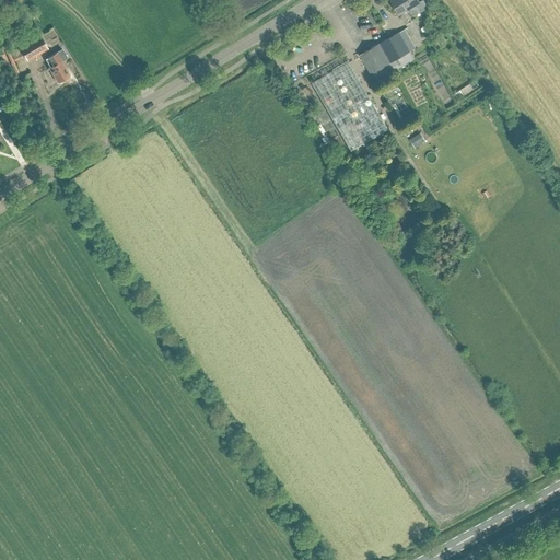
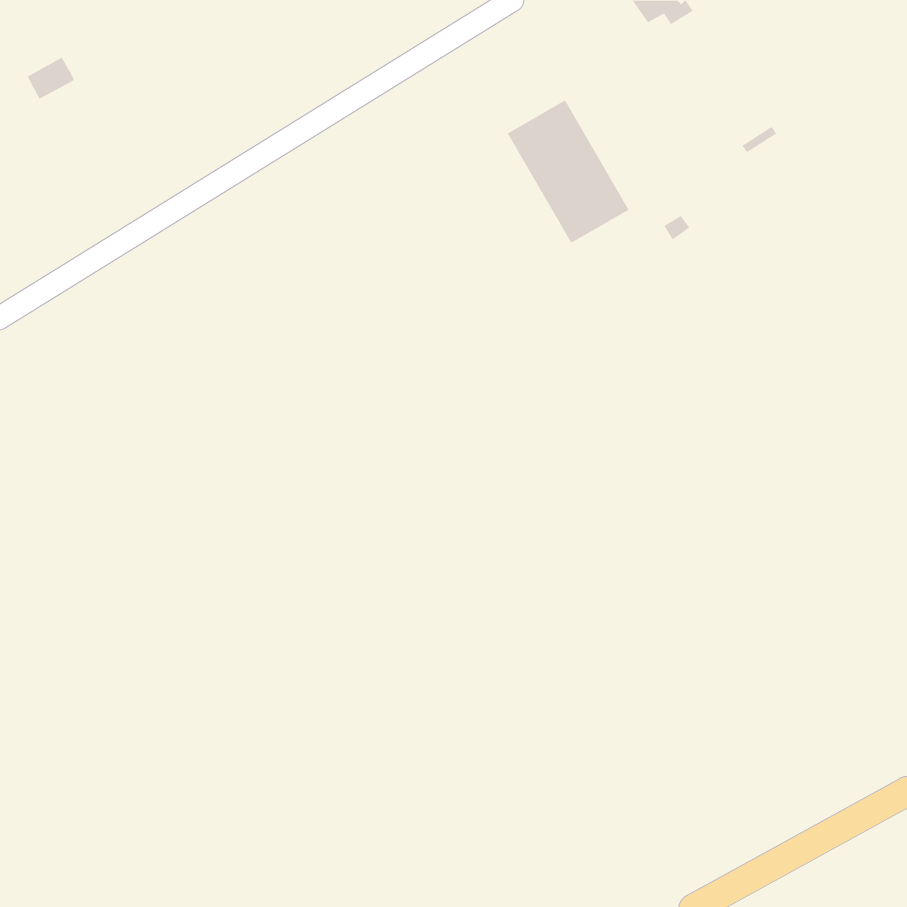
building: [359,30,411,74] -> none
building: [46,49,69,83] -> none

